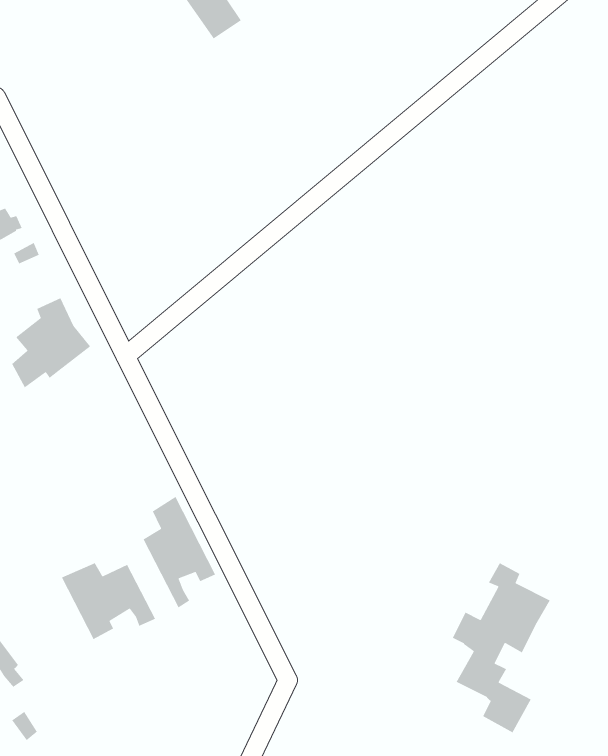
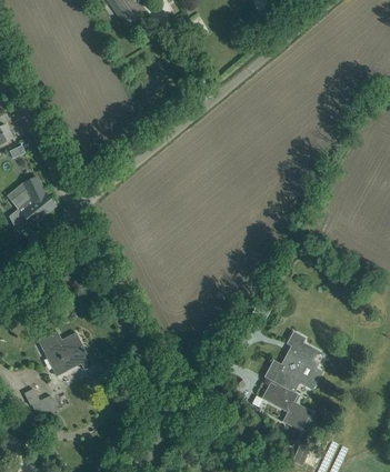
building: [143,496,216,609] -> none
building: none -> [24,388,58,418]

